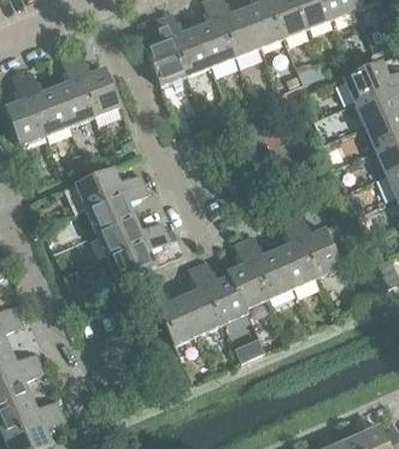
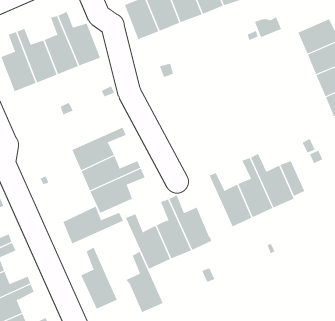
building: [75,167,145,211] -> [62,206,124,244]
building: [225,240,269,309] -> [125,251,164,313]
building: none -> [81,247,118,310]

